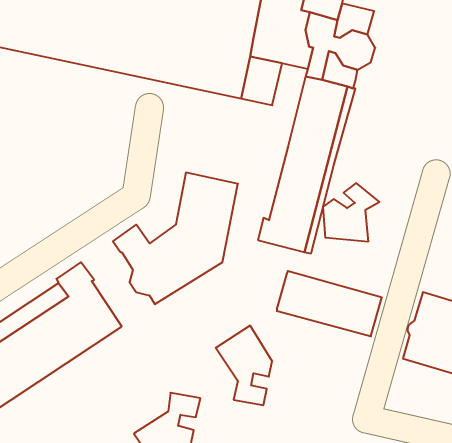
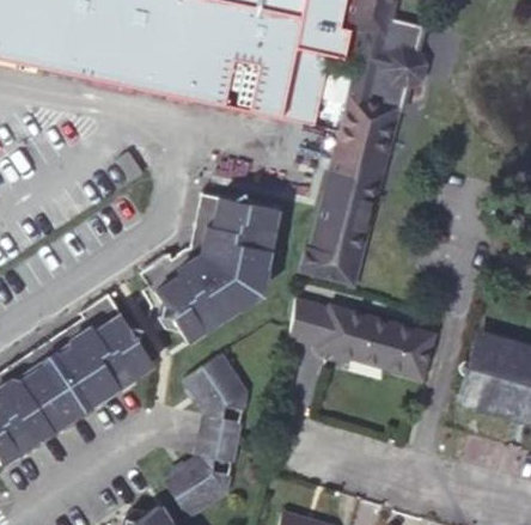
building: none -> [171,195,221,275]
building: [323,183,379,242] -> none
building: none -> [292,299,330,346]
building: [216,326,272,405] -> [185,356,246,442]

